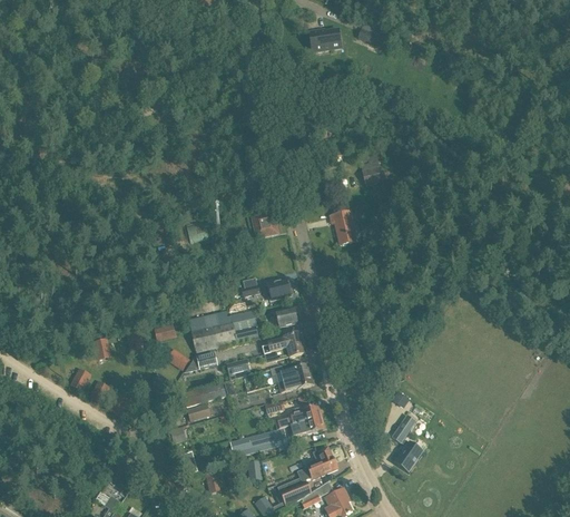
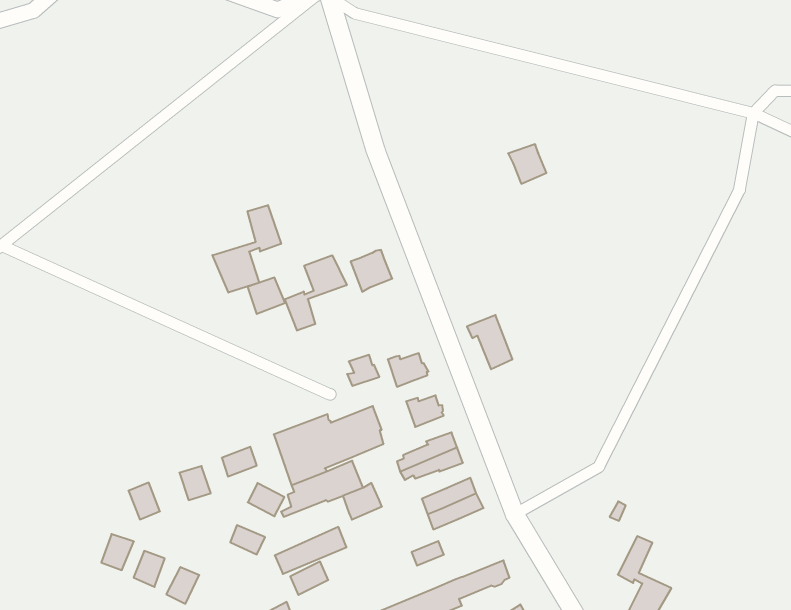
building: none -> [212,205,281,293]
building: [330,209,355,243] -> [467,315,513,369]
building: none -> [285,255,347,331]
building: [275,404,322,428] -> none

